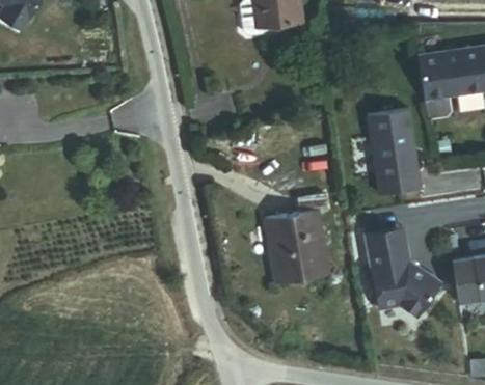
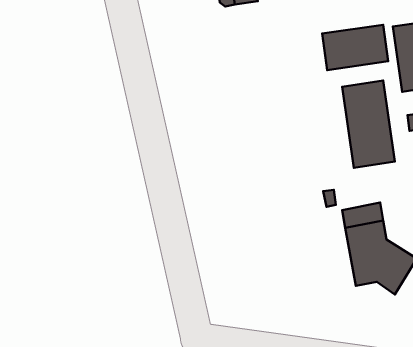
building: none -> [322,25,388,70]
building: [268,192,329,281] -> none

